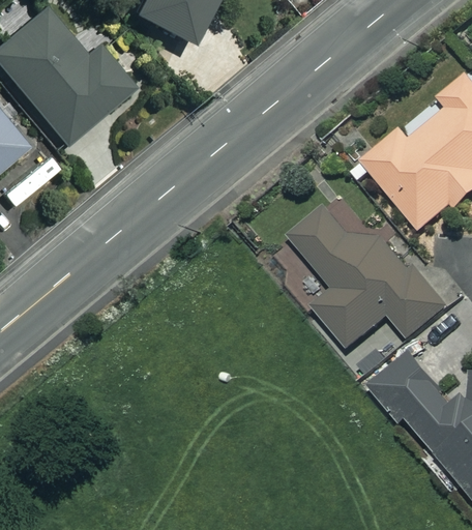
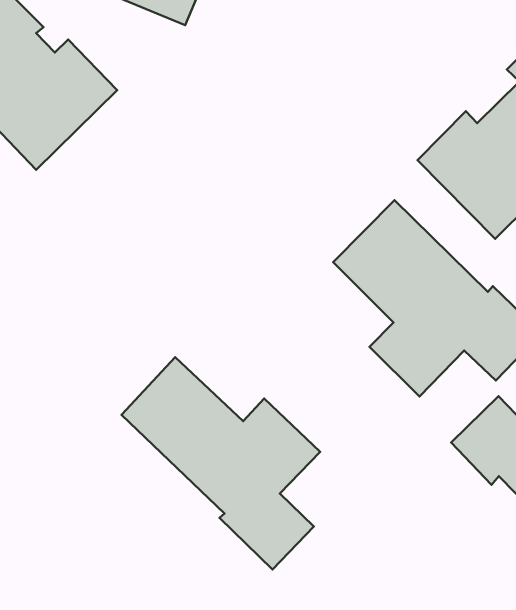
building: none -> [121,357,320,569]

